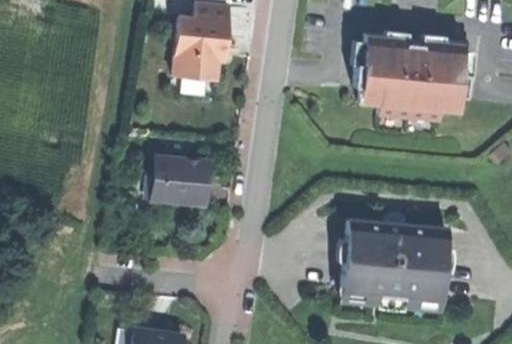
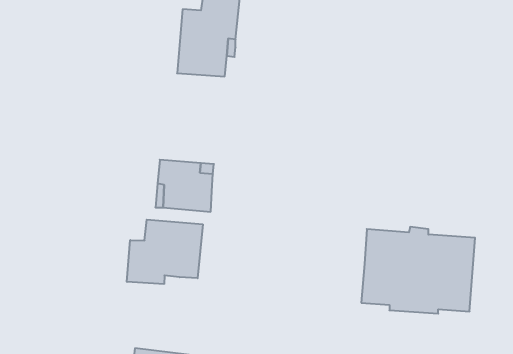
building: [355,33,469,119] -> none
building: none -> [127,220,203,284]

